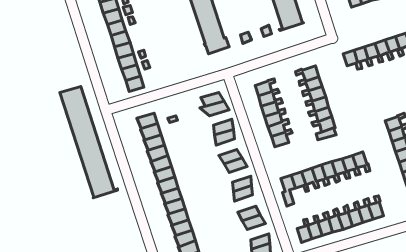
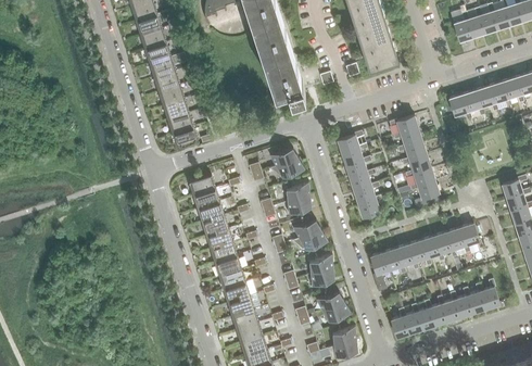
building: [60,86,118,198] -> none

